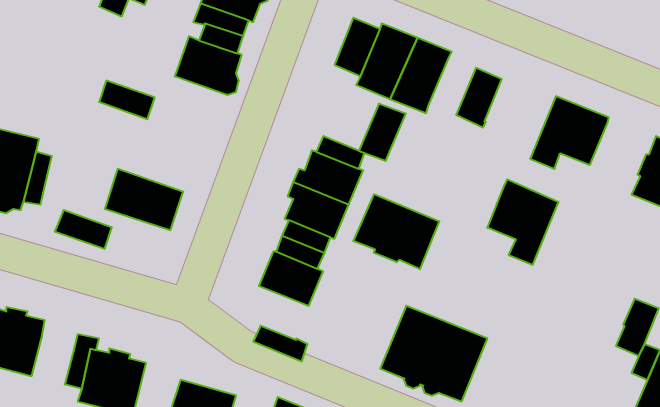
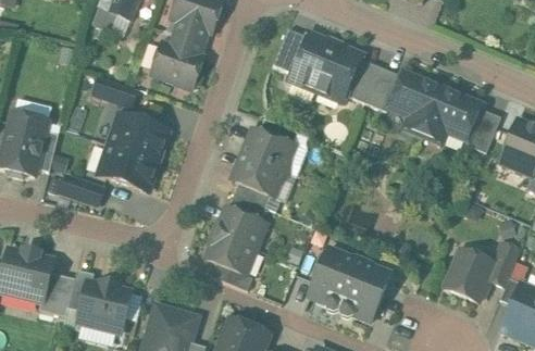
building: [359,104,406,161] -> [345,59,381,102]
building: none -> [464,109,500,153]
building: none -> [108,114,167,161]
building: [487,179,559,265] -> [387,71,441,136]
building: [353,194,439,269] -> none
building: none -> [204,233,253,274]
building: none -> [444,249,494,301]
building: none -> [39,272,75,316]

